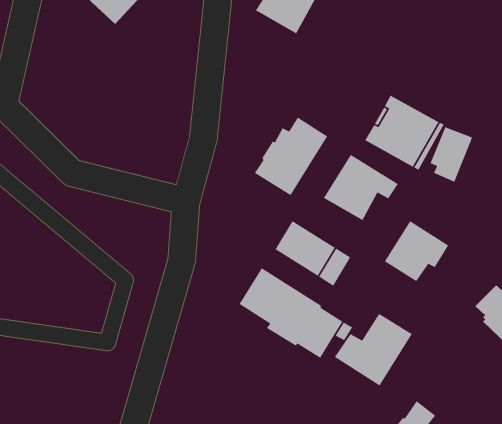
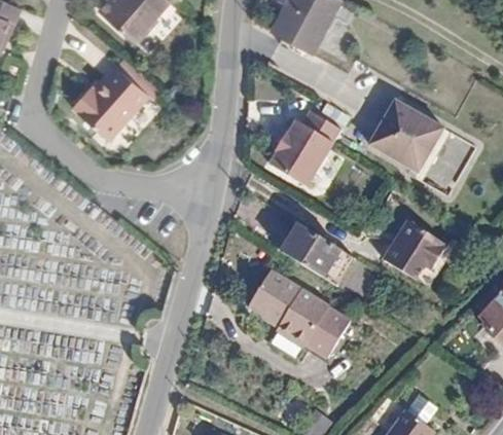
building: none -> [80,55,160,130]
building: [323,154,399,221] -> none
building: [334,313,413,387] -> none

